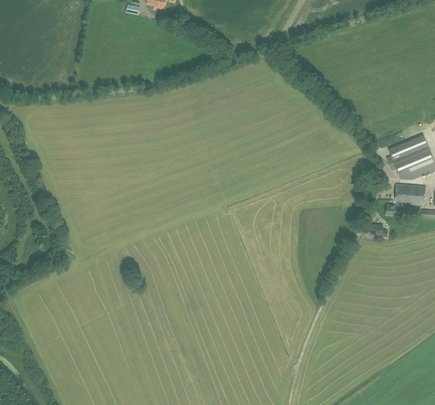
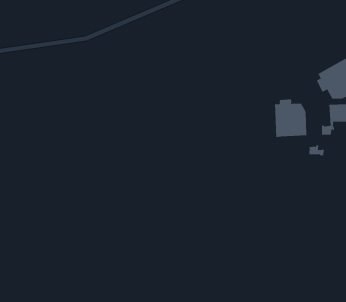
building: none -> [275,98,307,138]

